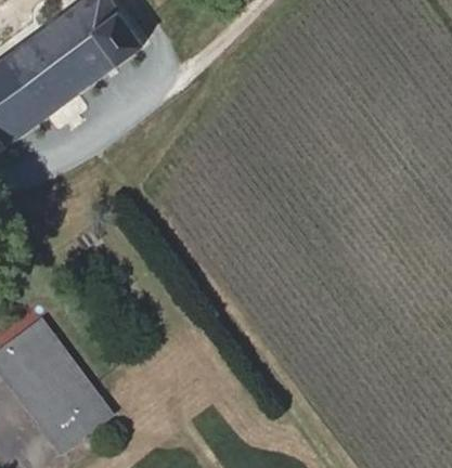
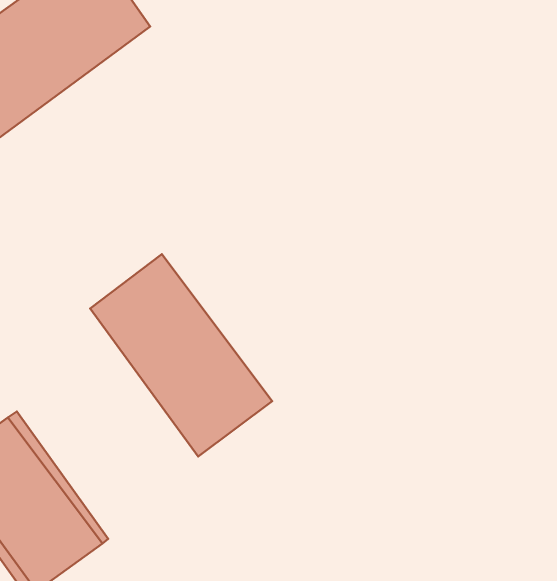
building: none -> [90,254,272,456]

